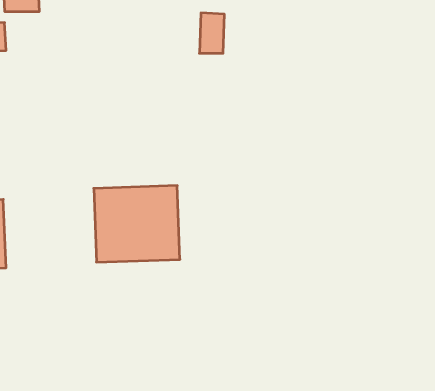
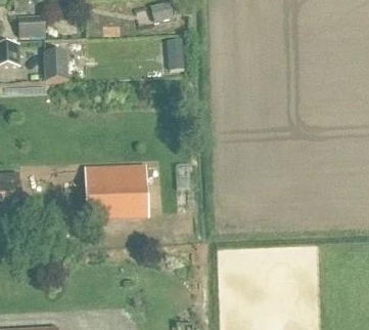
building: none -> [44,50,68,80]

